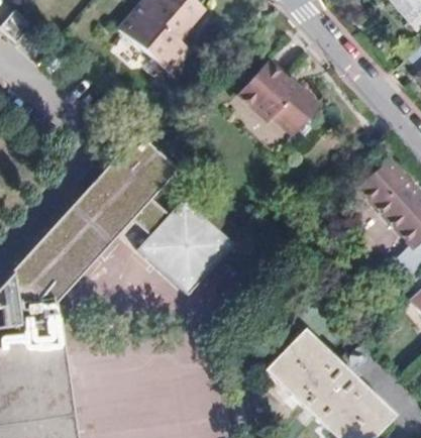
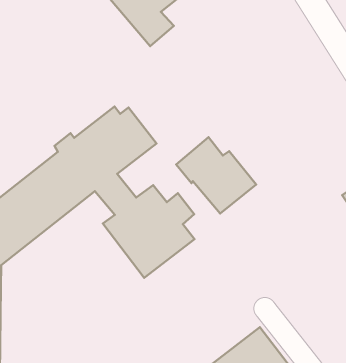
building: [238,70,316,139] -> [176,137,256,214]

